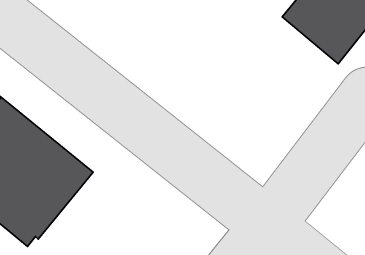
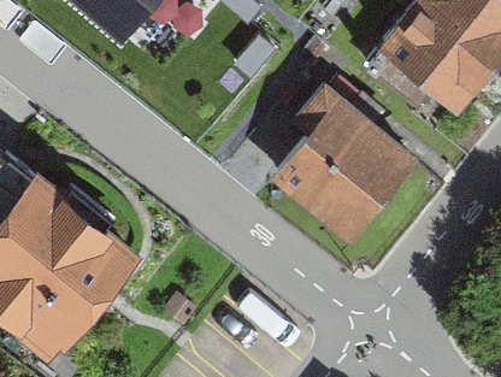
building: none -> [284,117,405,236]

